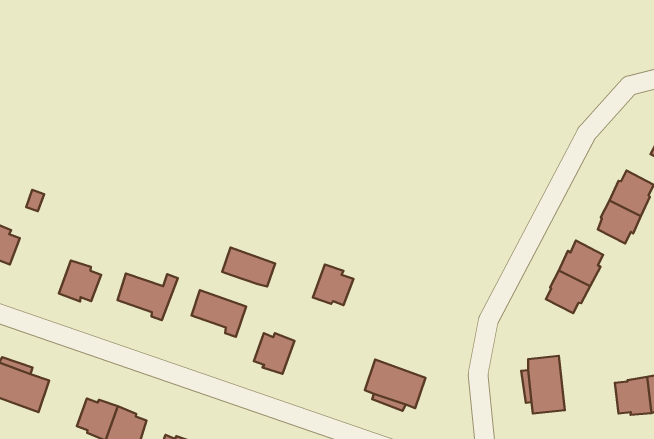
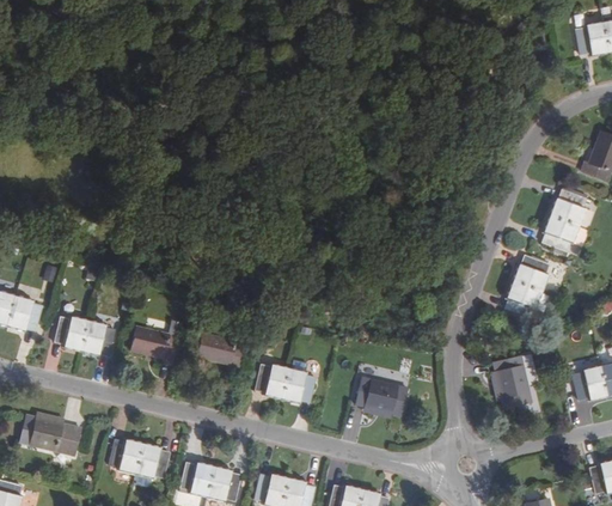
building: [222,248,275,287] -> none
building: none -> [54,316,87,350]
building: [313,265,353,305] -> [282,368,316,402]

